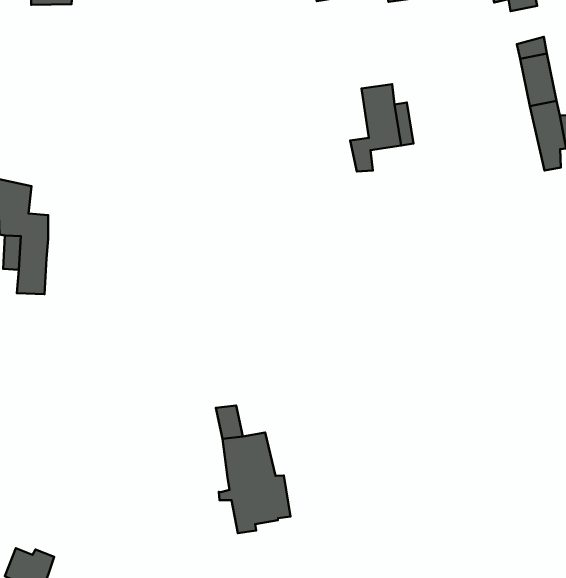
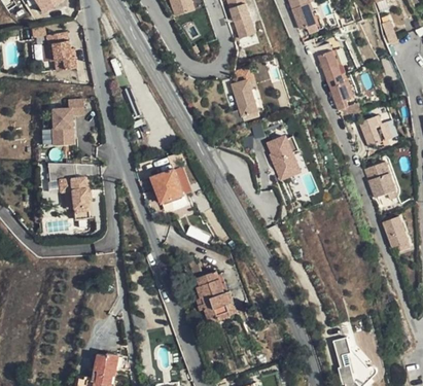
building: none -> [56,99,87,144]
building: none -> [266,133,305,181]
building: none -> [151,168,184,203]

